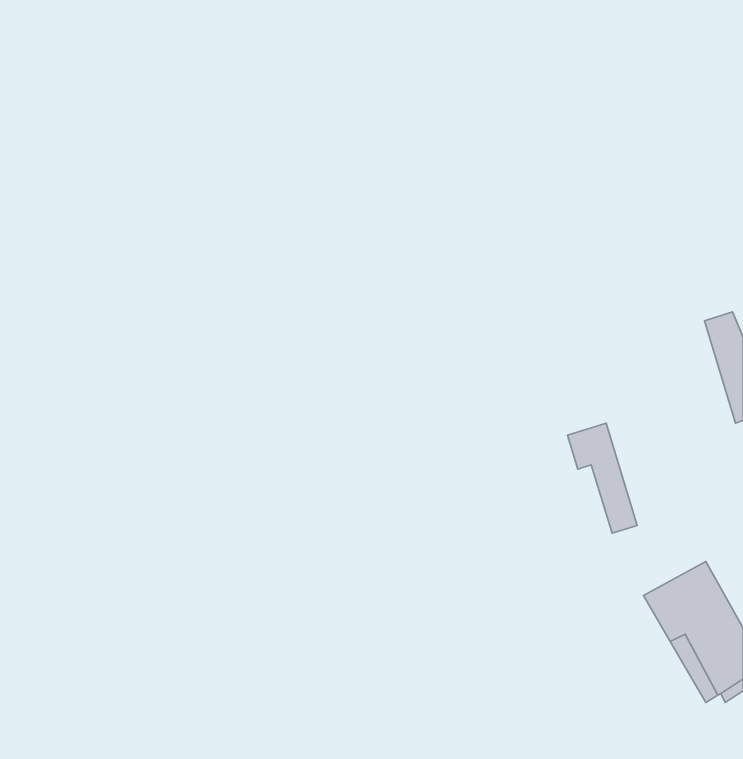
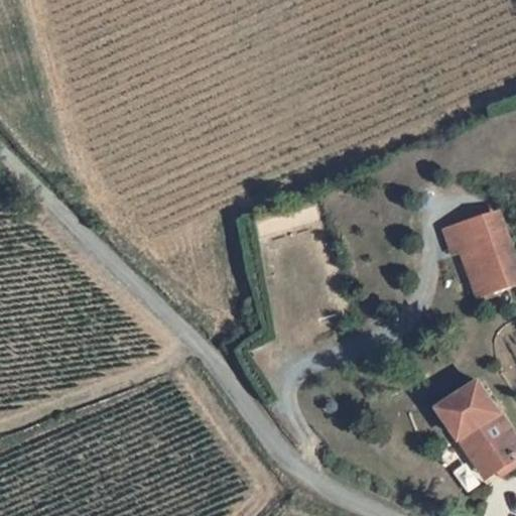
building: [567,423,637,533] -> [452,218,499,292]

